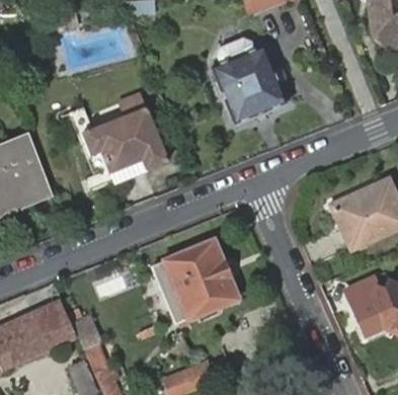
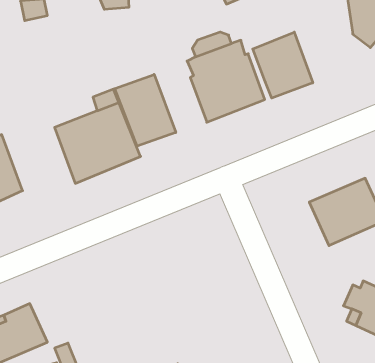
building: none -> [253,32,313,98]
building: none -> [115,74,176,146]
building: [153,239,238,320] -> none

